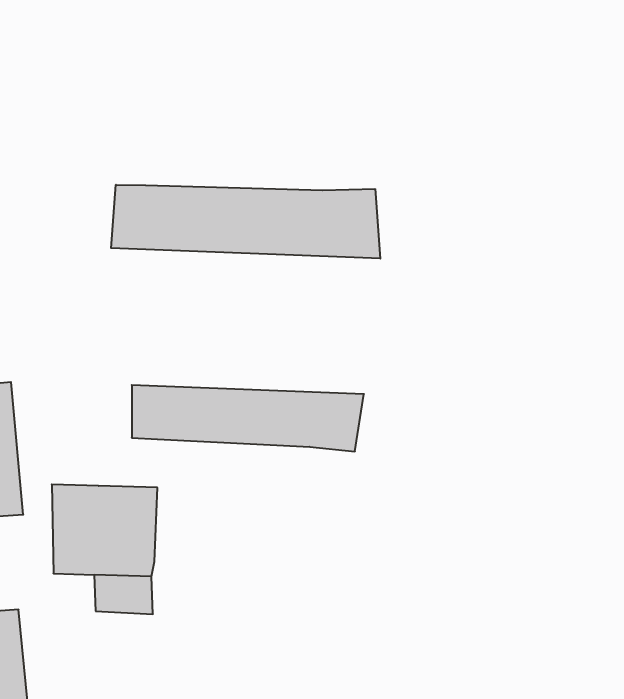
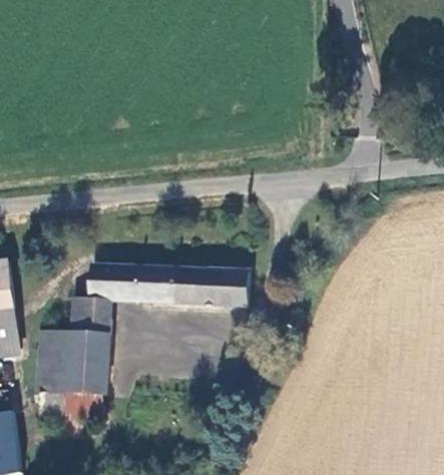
building: [111,185,380,259] -> none
building: none -> [67,299,106,332]

